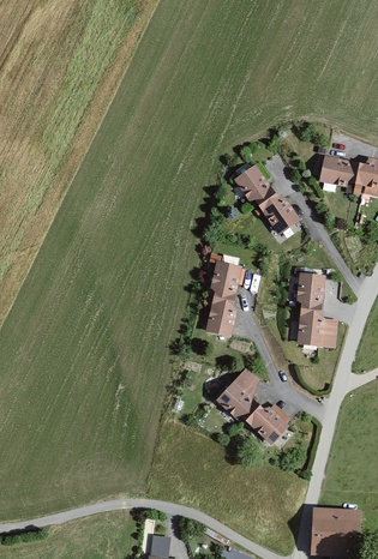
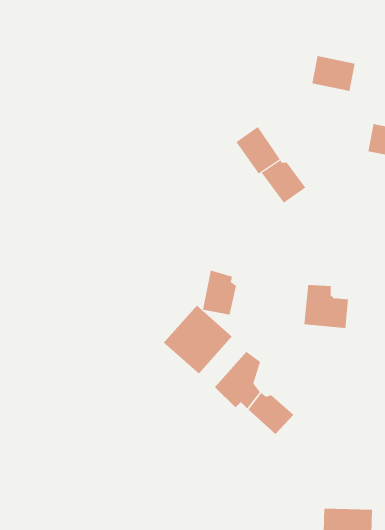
building: [319,155,359,187] -> [312,56,356,92]
building: [210,260,241,300] -> none
building: [296,272,324,308] -> none
building: none -> [163,305,232,374]

